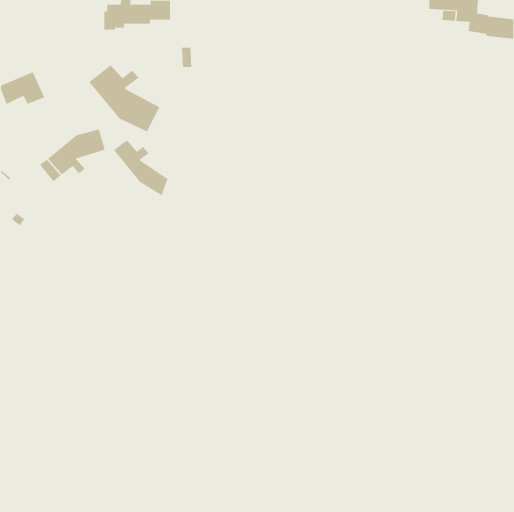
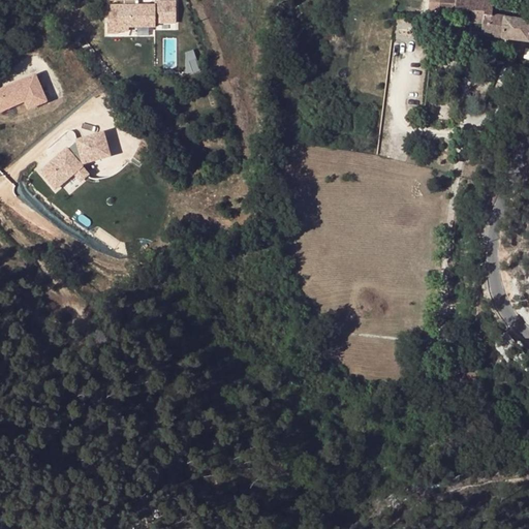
building: [89,65,160,132] -> none
building: [113,140,168,196] -> none

